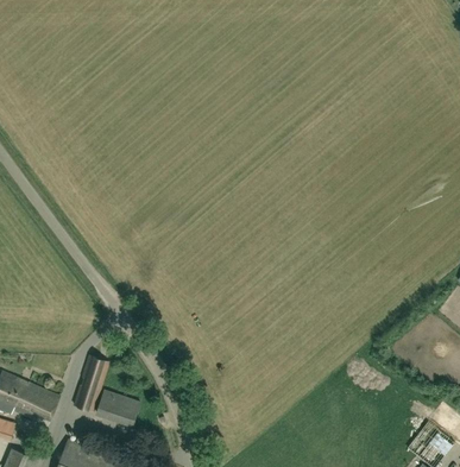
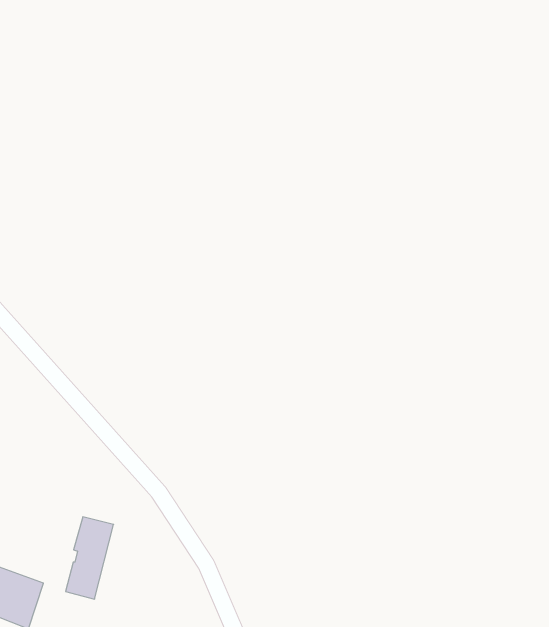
building: [97,390,140,424] -> none

